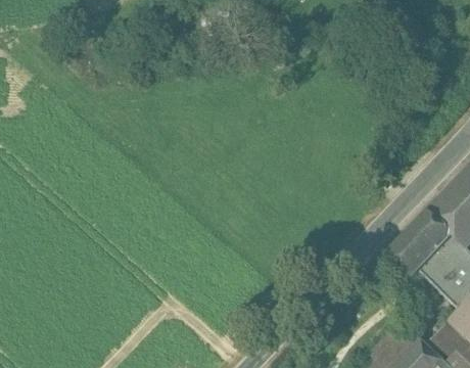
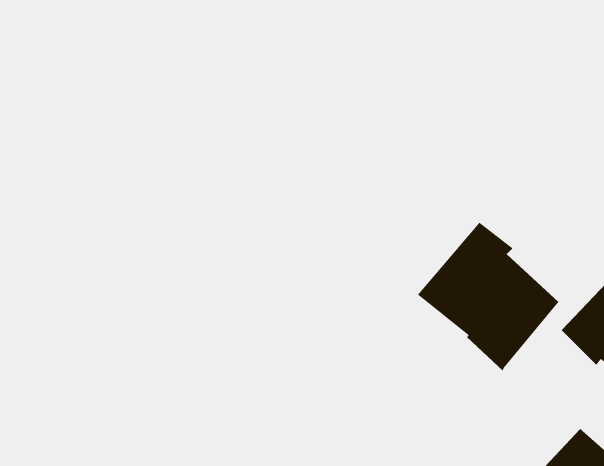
building: none -> [417,222,559,372]

